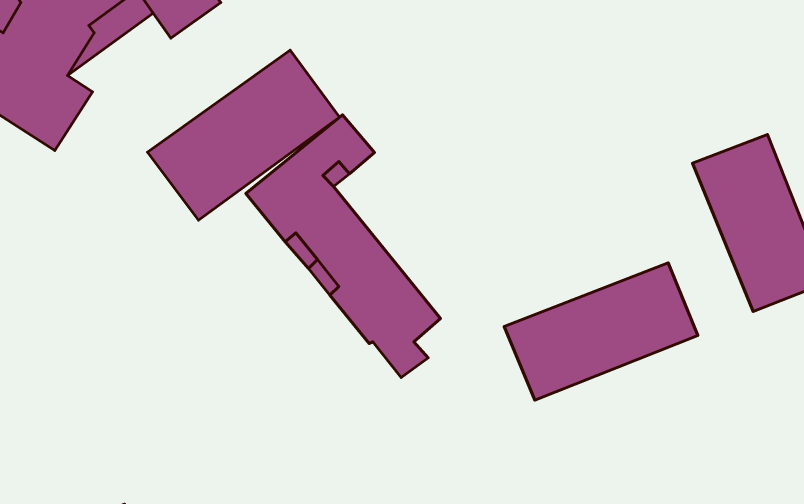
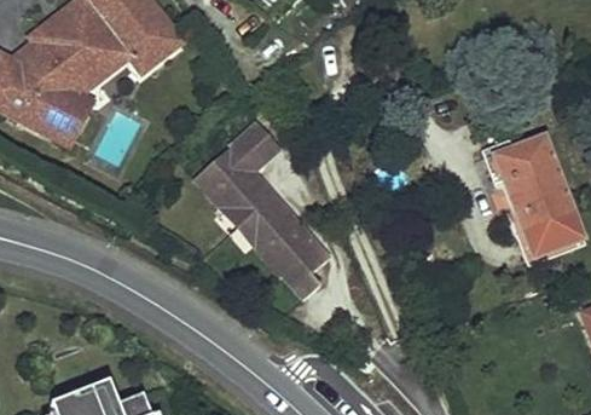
building: [147,50,340,220] -> none
building: [504,263,698,400] -> none

